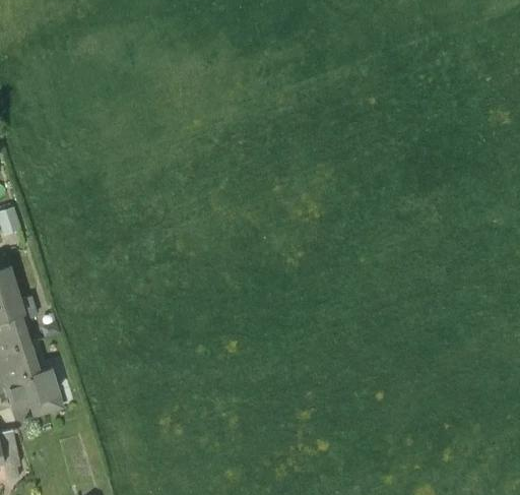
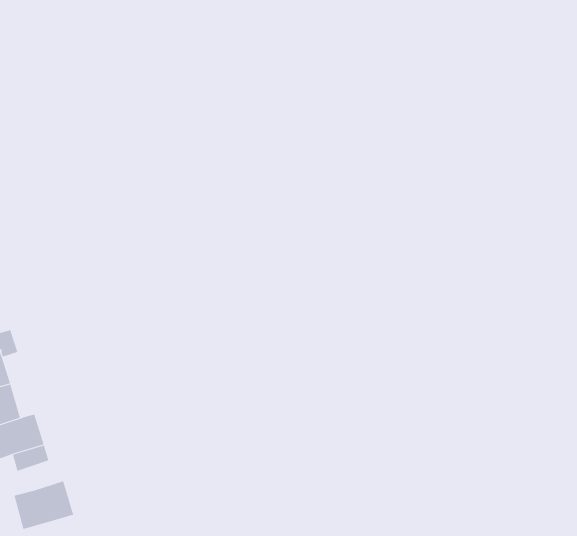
building: none -> [14,481,74,530]

